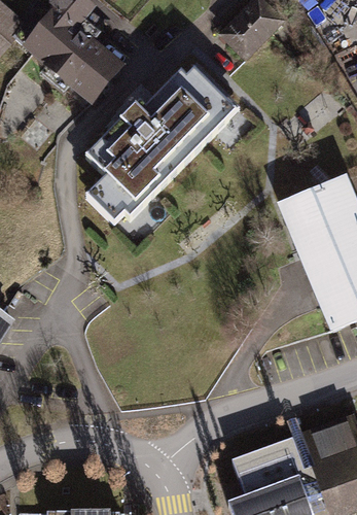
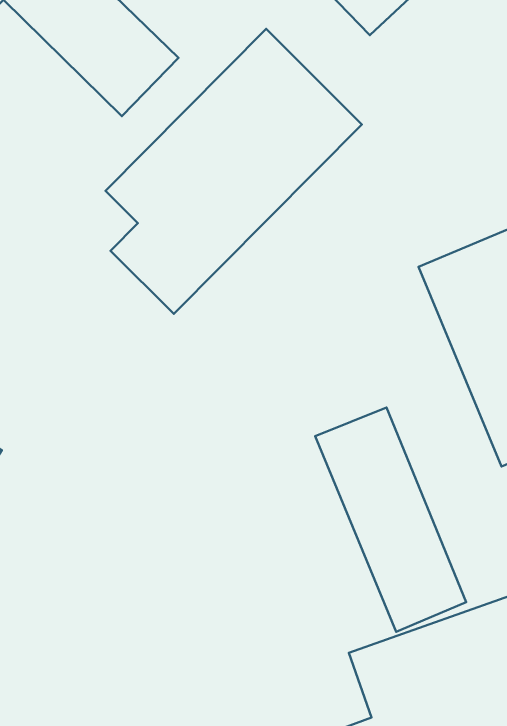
building: none -> [315,407,466,632]

